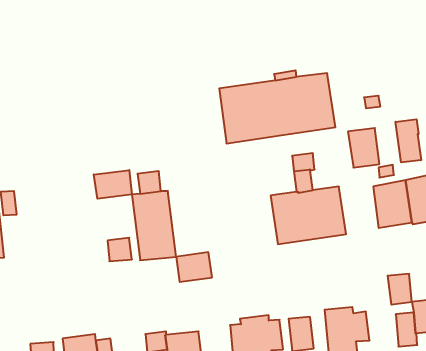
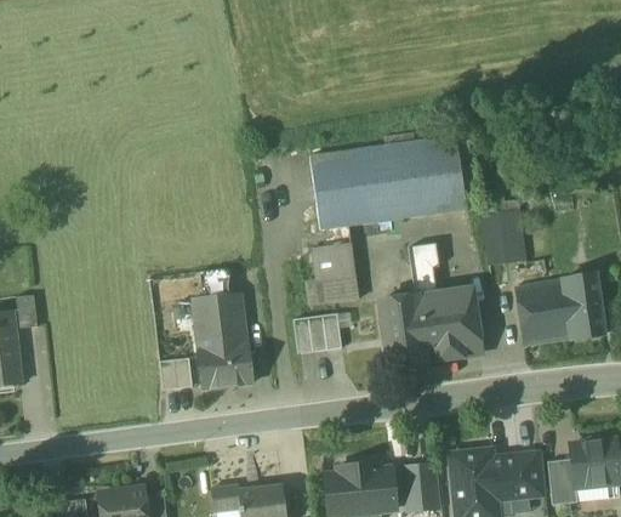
building: [396,119,421,162] -> none
building: none -> [306,242,358,305]
building: [94,170,132,199] -> none
building: [176,252,212,282] -> [292,312,341,352]
building: [388,274,412,305] -> [507,454,540,495]

